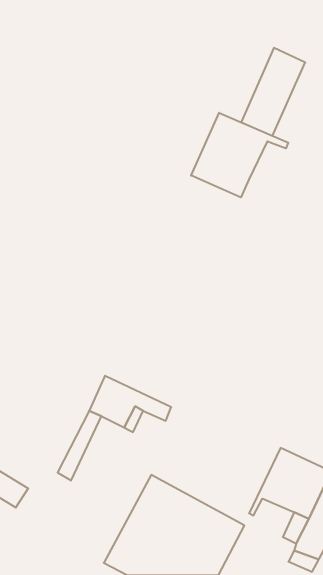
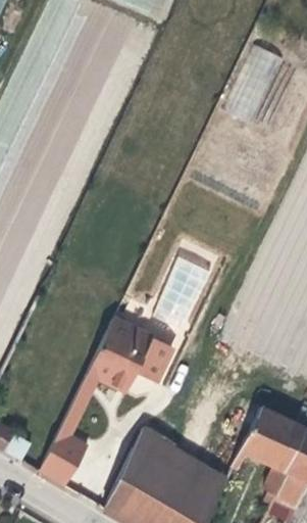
building: [191,113,288,197] -> none
building: none -> [102,318,173,370]
building: none -> [40,429,89,486]

